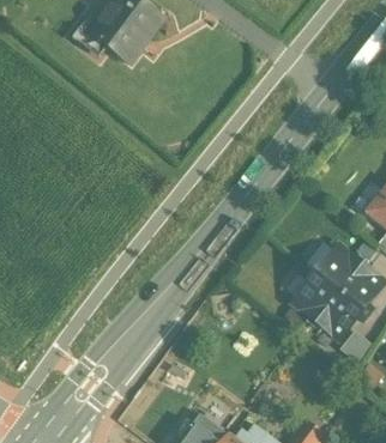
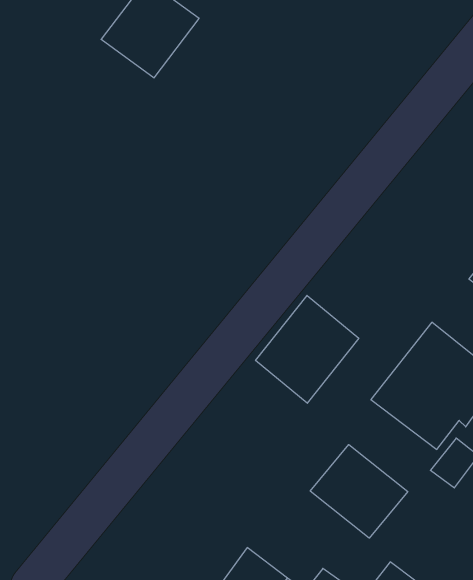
building: none -> [256,295,359,403]
building: none -> [310,445,408,538]

